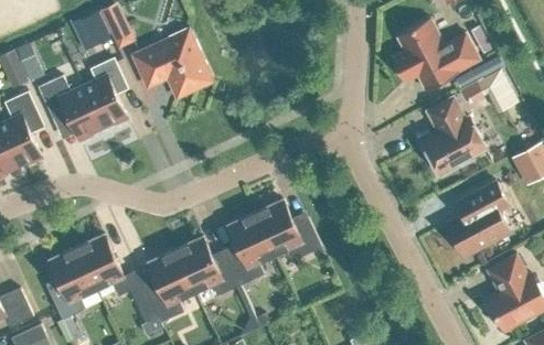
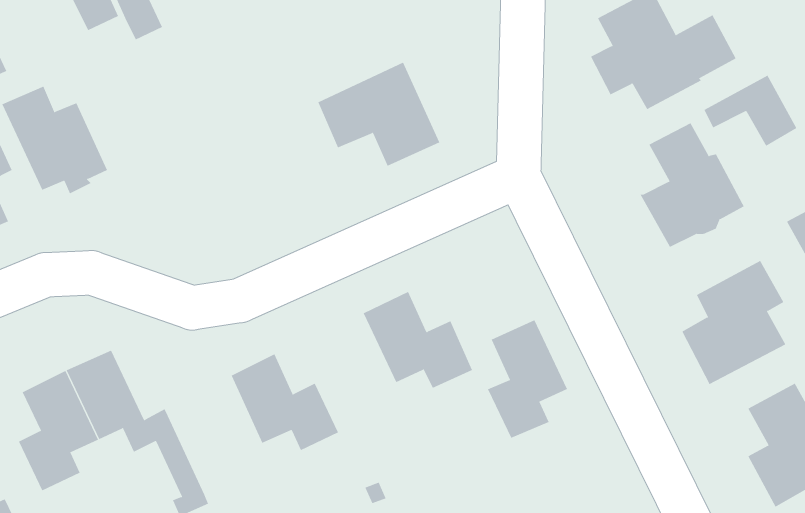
building: [136,32,210,95] -> [317,62,440,166]
building: [83,58,128,127] -> none
building: [226,213,275,284] -> [487,319,568,439]
building: [138,250,194,322] -> none

